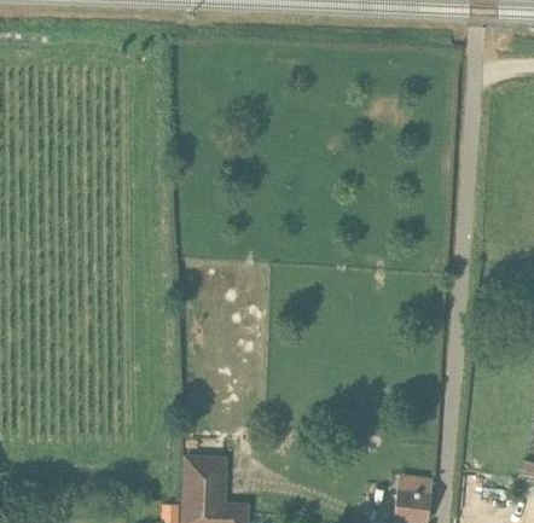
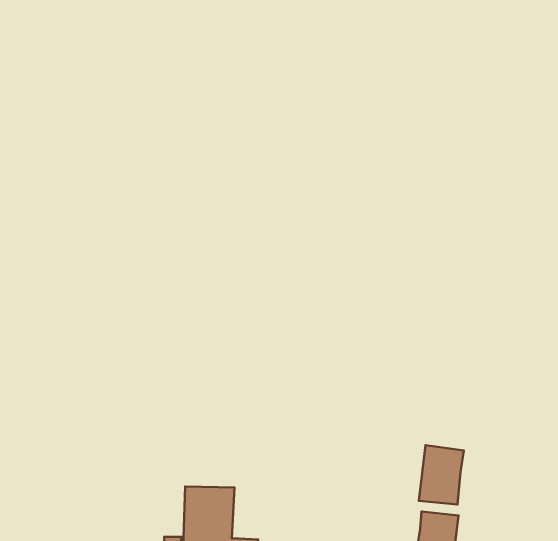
building: none -> [419,445,464,504]

